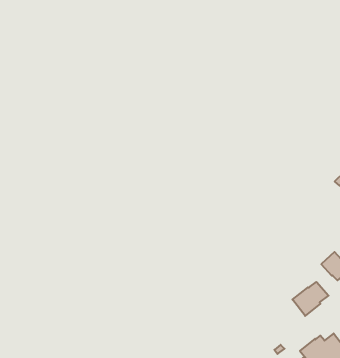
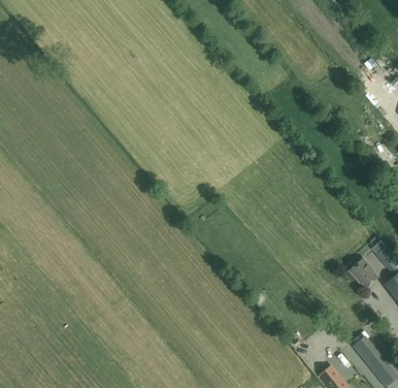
building: [292,282,329,316] -> none

